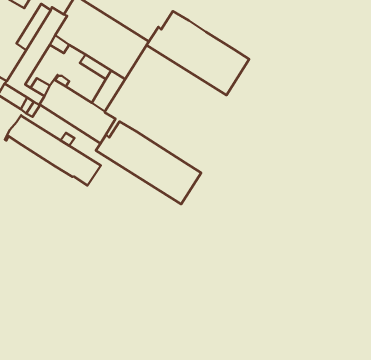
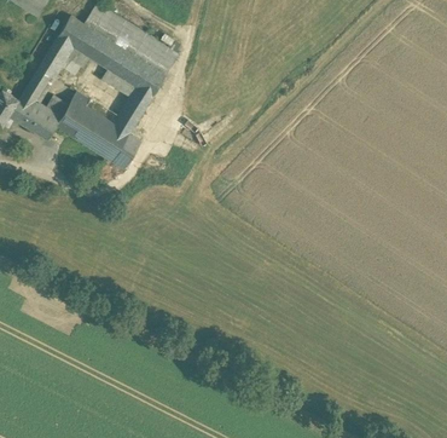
building: [147,11,249,95] -> none
building: [5,115,101,186] -> none
building: [96,121,201,204] -> none

